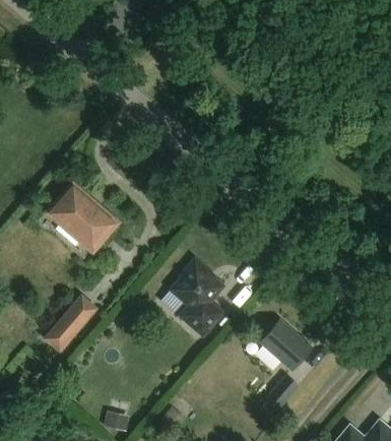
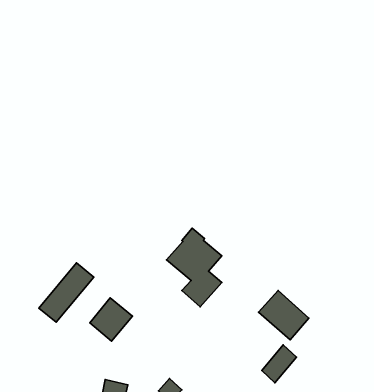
building: [50,187,114,248] -> none
building: none -> [90,298,133,341]

